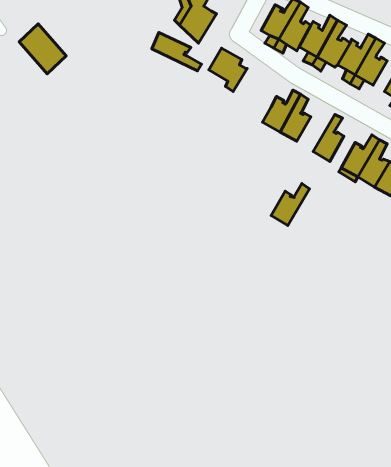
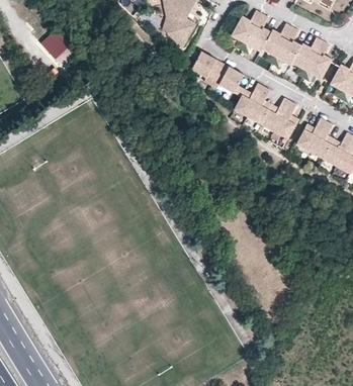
building: [152,33,202,71] -> none
building: none -> [209,65,244,95]
building: [271,184,309,226] -> [260,97,290,130]

